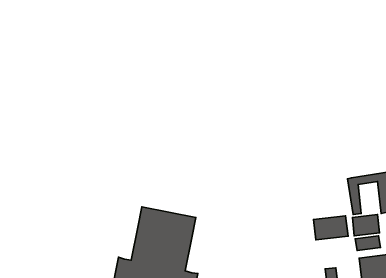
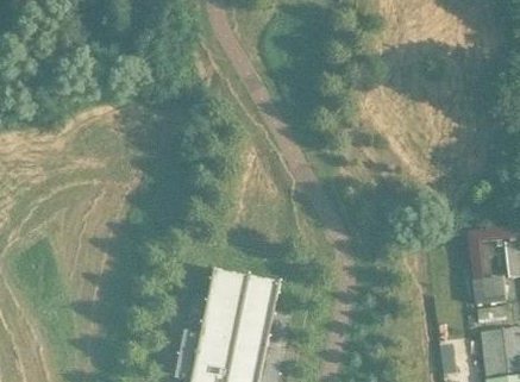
building: [313,216,348,240] -> none

